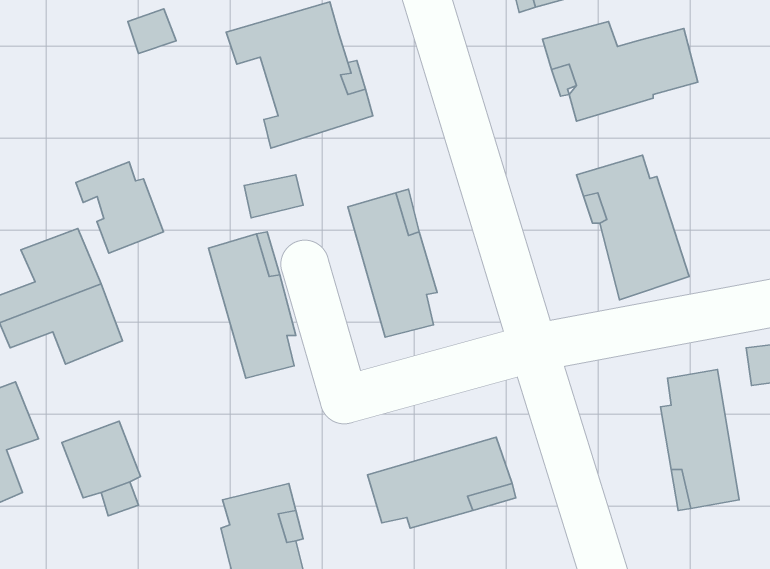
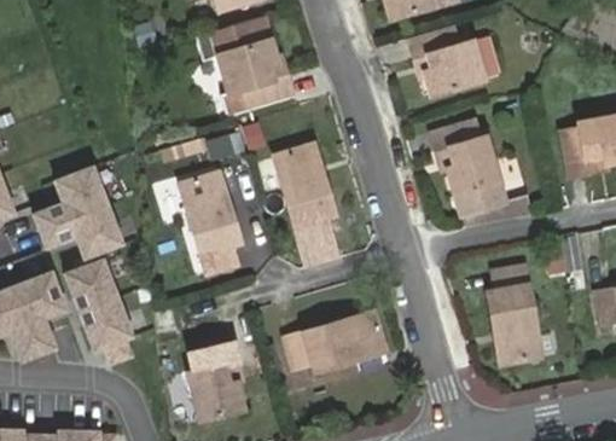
building: [76,162,163,253] -> none
building: none -> [66,259,120,313]

